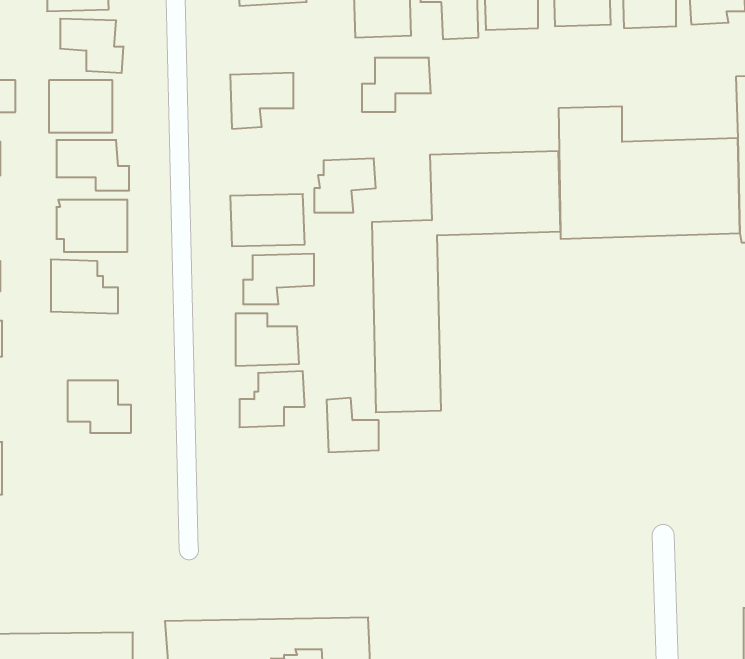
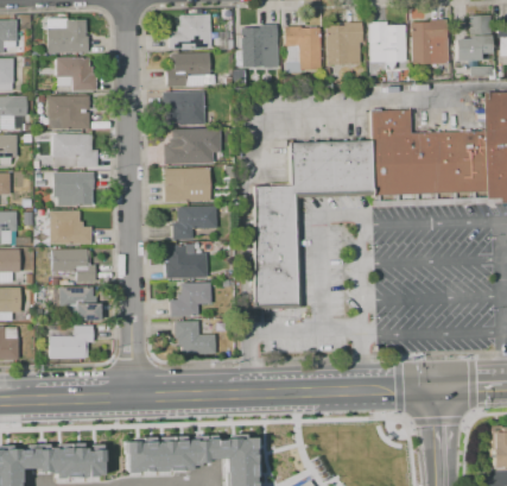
building: [362,58,431,112] -> [167,52,211,87]
building: [314,158,376,213] -> [173,128,213,163]
building: none -> [53,248,97,280]
building: [327,398,379,452] -> [184,321,217,355]
building: none -> [51,326,95,359]

